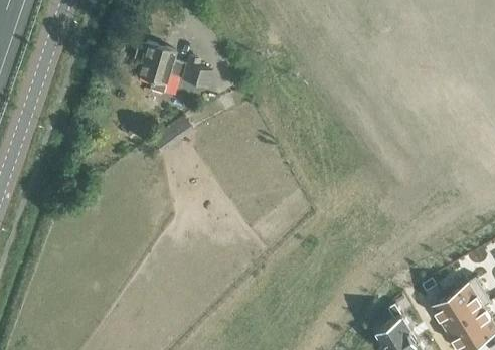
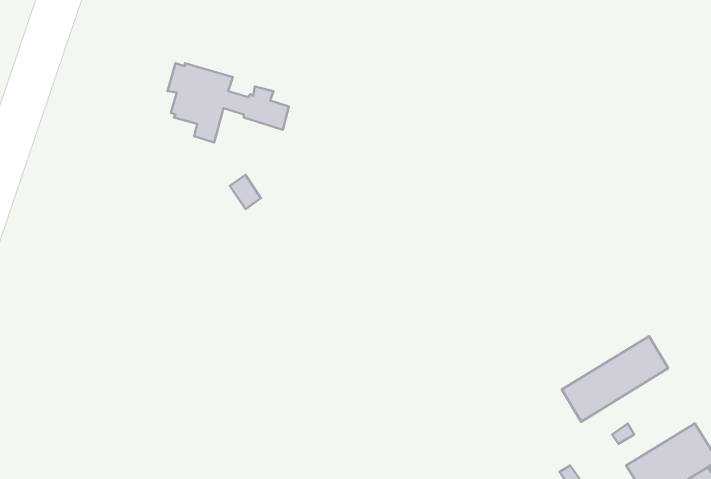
building: none -> [562,336,668,422]

